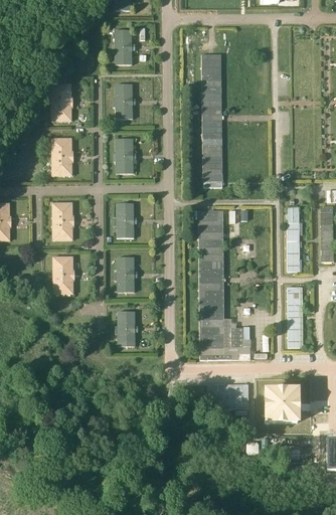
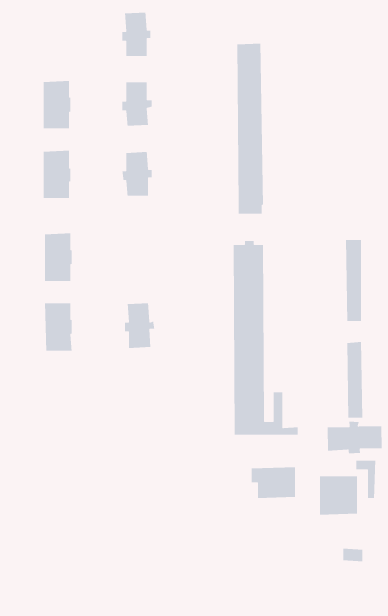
building: [114,202,138,237] -> none
building: [116,310,139,346] -> none
building: none -> [327,421,383,454]

